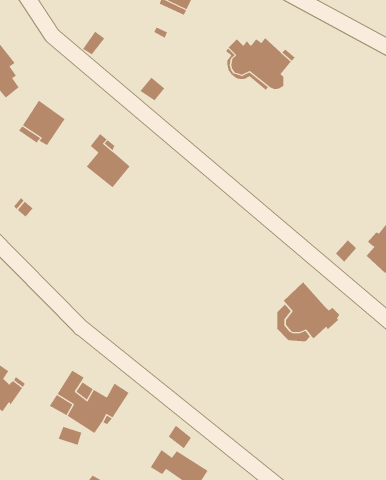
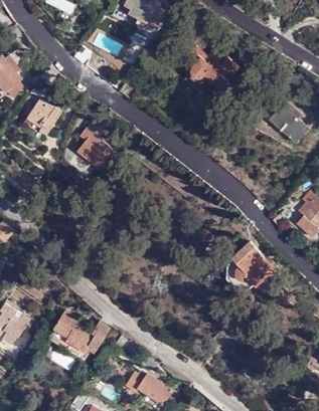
building: none -> [270,100,308,143]

